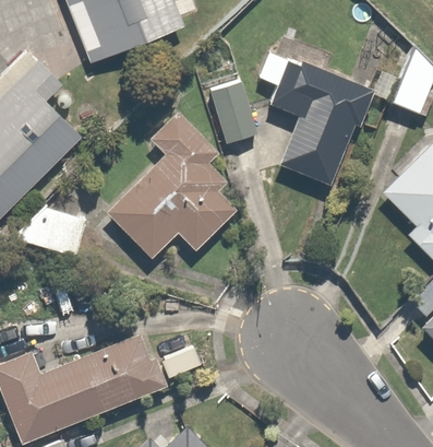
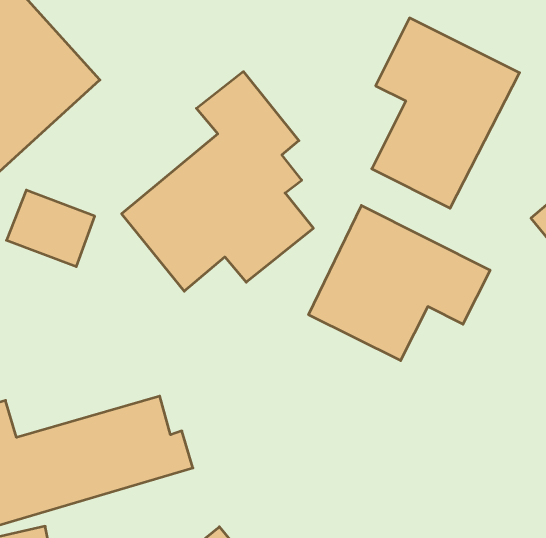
building: [207,80,256,142] -> none
building: none -> [309,205,490,361]

